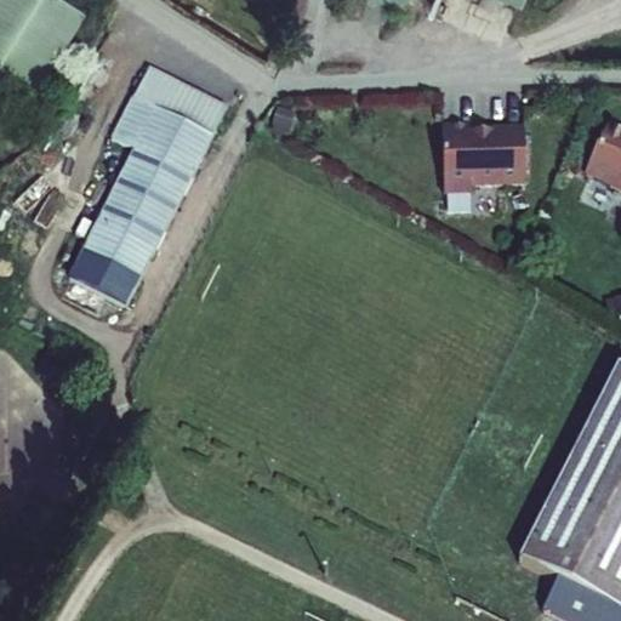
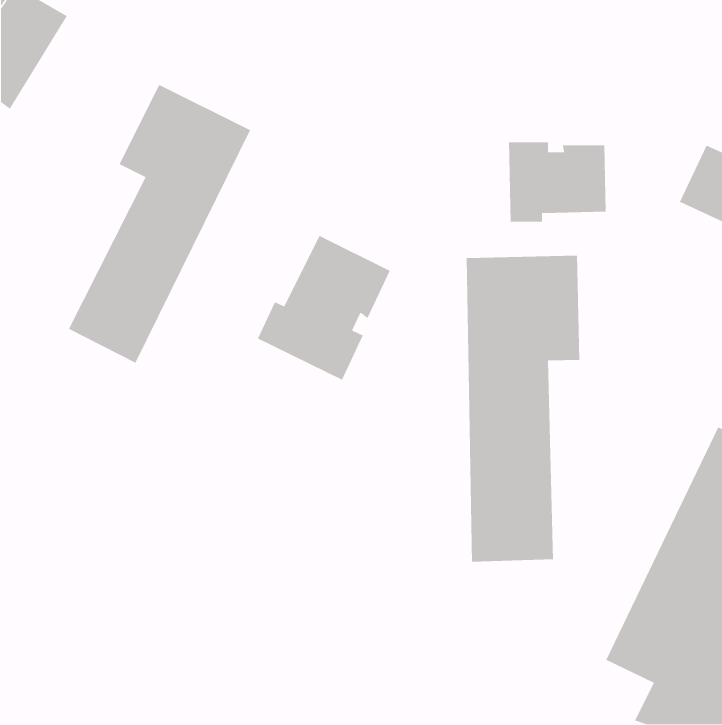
building: none -> [257,235,391,381]
building: none -> [466,255,580,563]

